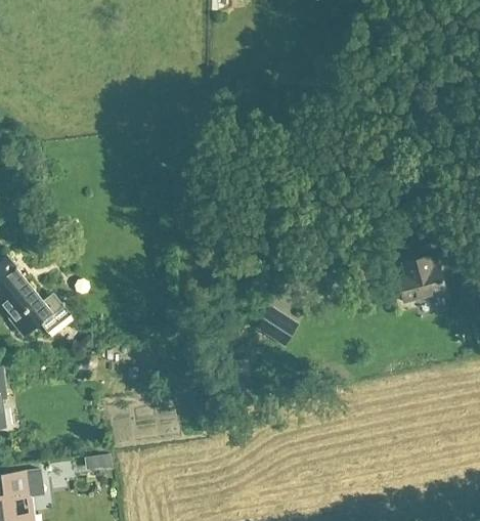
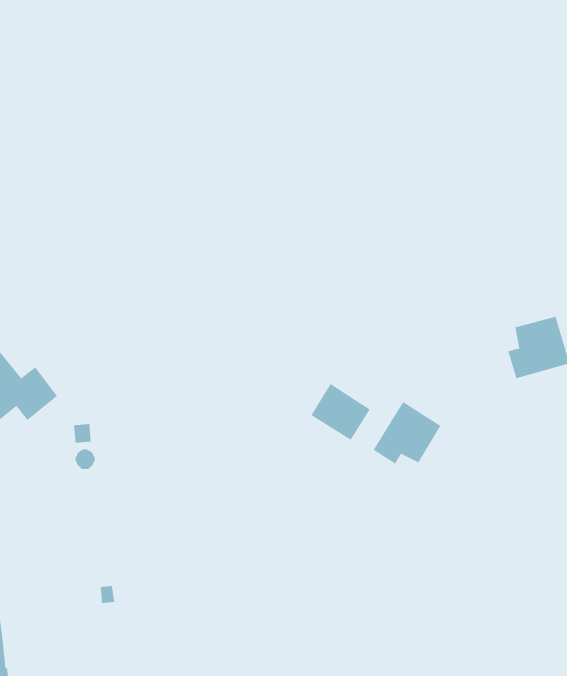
building: none -> [373,401,441,465]

